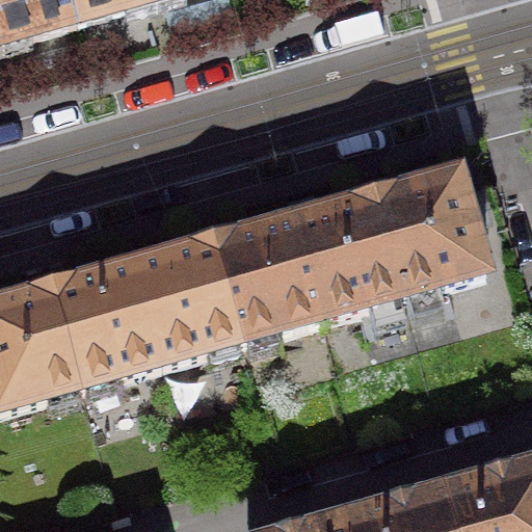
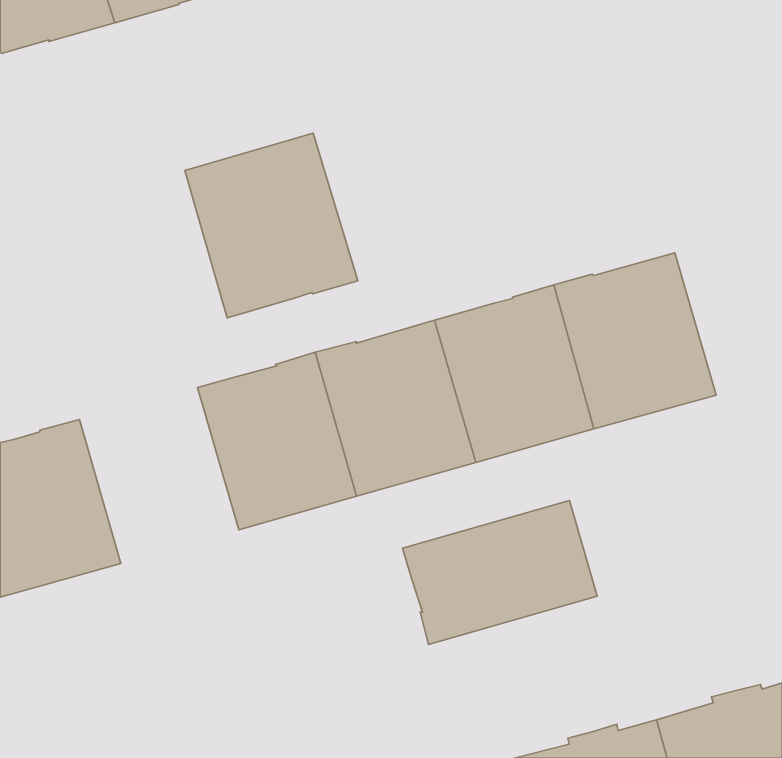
building: none -> [185,133,358,318]
building: [54,263,162,382] -> none
building: none -> [403,501,597,645]

